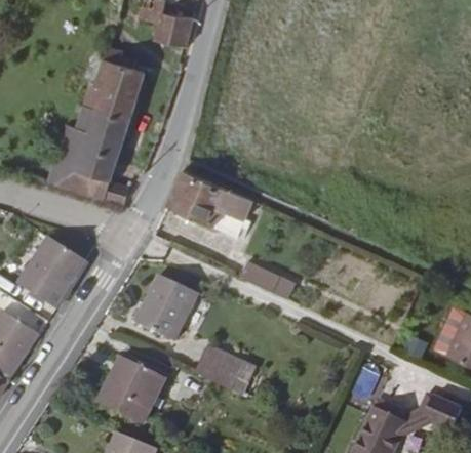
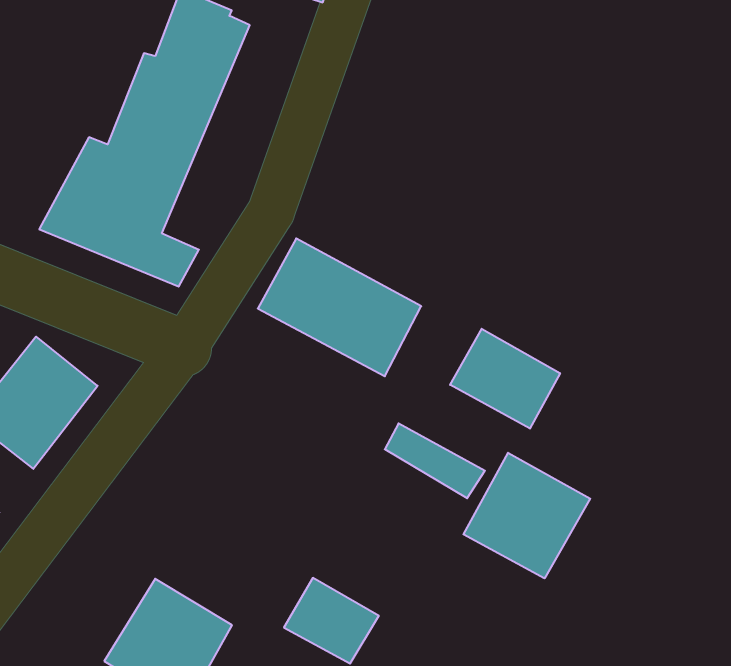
building: none -> [450,329,560,429]
building: none -> [463,453,590,578]
building: [138,277,199,344] -> none

